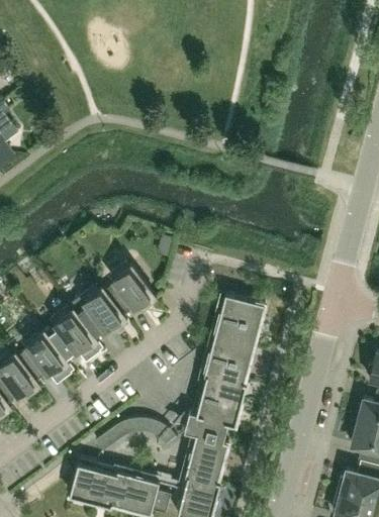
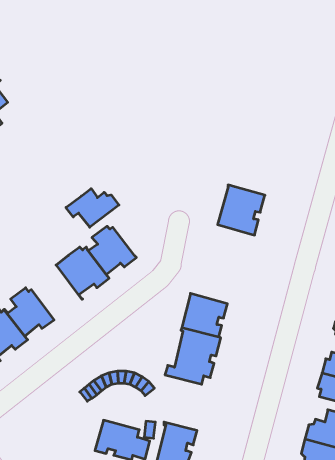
building: none -> [66,189,119,227]
building: [213,295,264,348] -> [218,185,265,235]
building: [43,307,97,366] -> none
building: [184,424,227,483] -> none
building: [69,464,120,508] -> none

